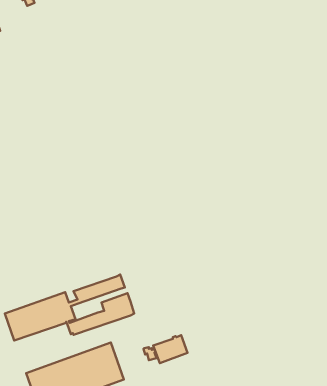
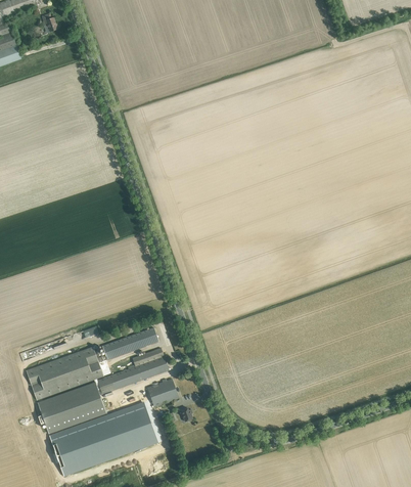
building: none -> [38,381,106,433]
building: [153,335,188,363] -> [141,378,179,408]

